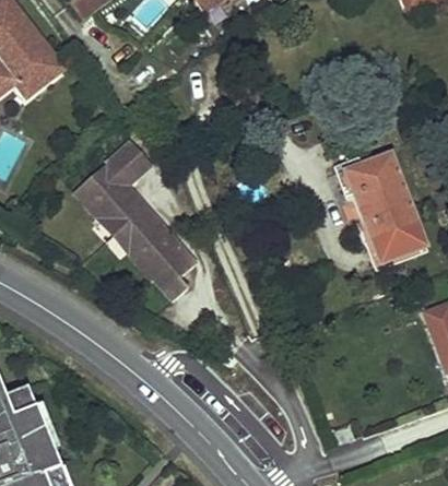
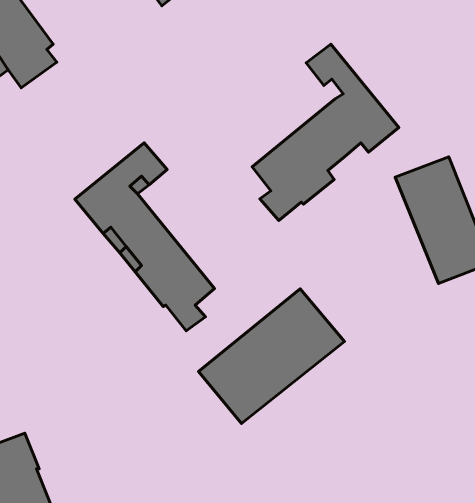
building: none -> [252,44,399,220]
building: none -> [198,289,344,424]

